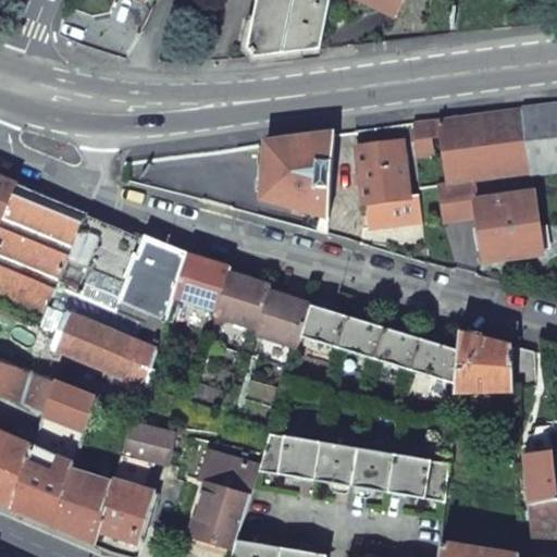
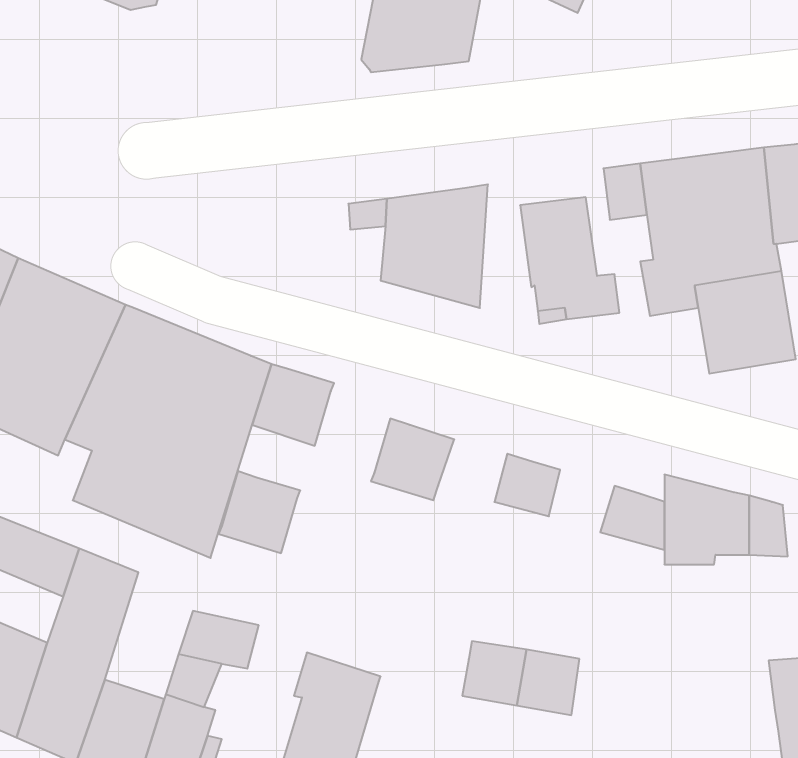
building: [212,272,268,327] -> [219,471,300,553]
building: [298,305,345,347] -> none
building: [373,325,418,368] -> none
building: [258,433,321,479] -> none
building: [388,454,446,500] -> none

